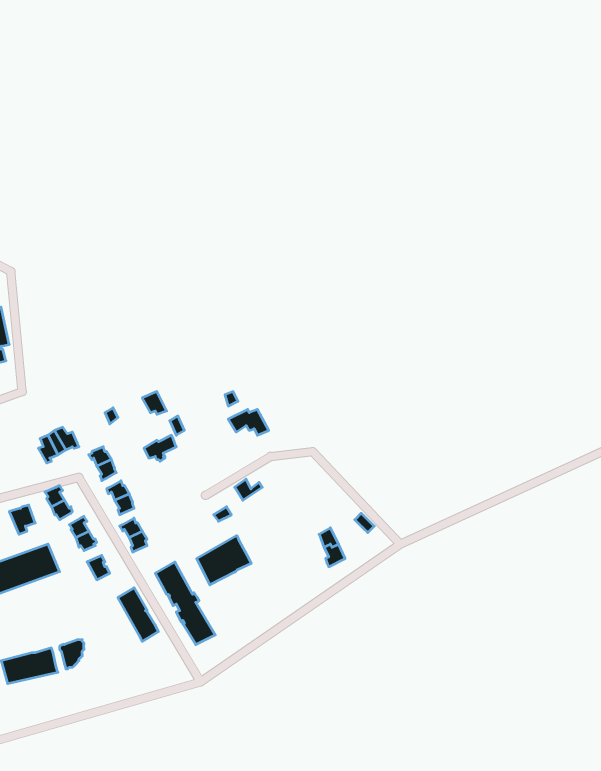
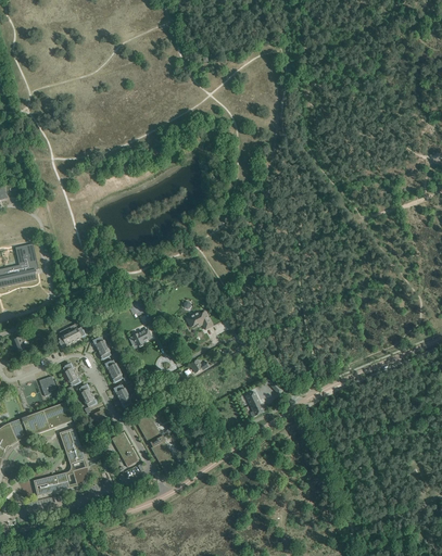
building: [197,536,251,585] -> none
building: none -> [59,427,85,465]

